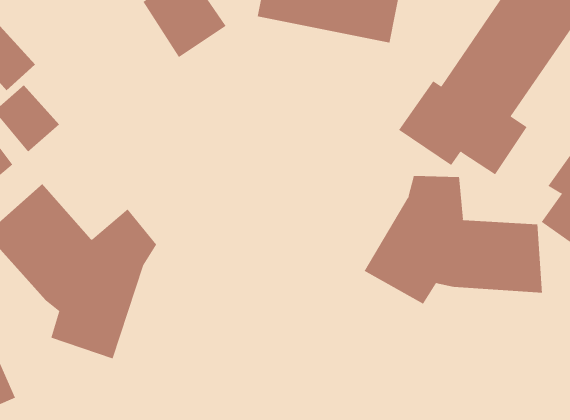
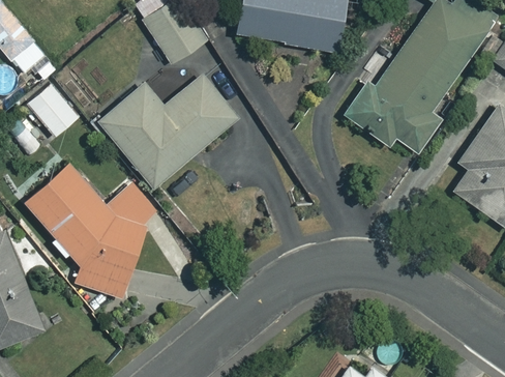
building: none -> [96,77,236,186]
building: [364,175,542,304] -> none

